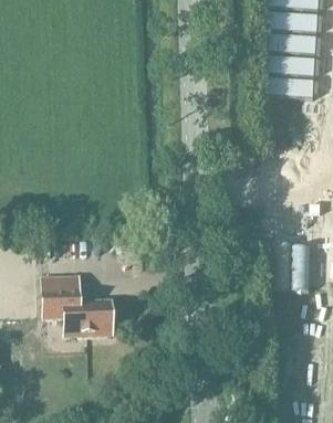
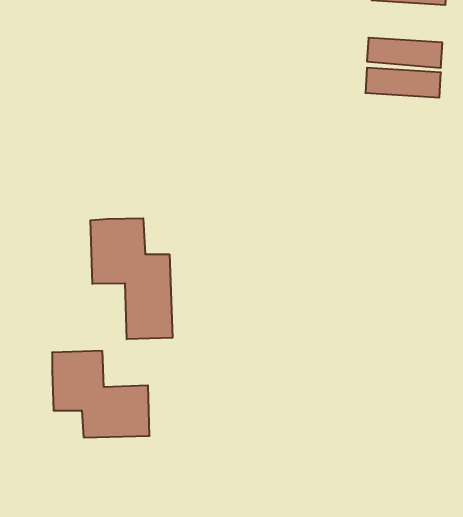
building: [264,35,318,56] -> none
building: none -> [90,218,173,339]

